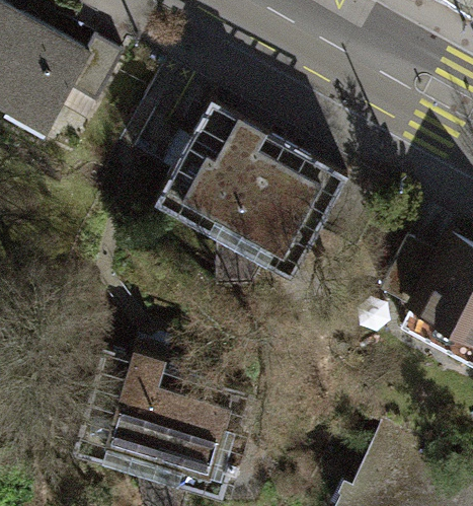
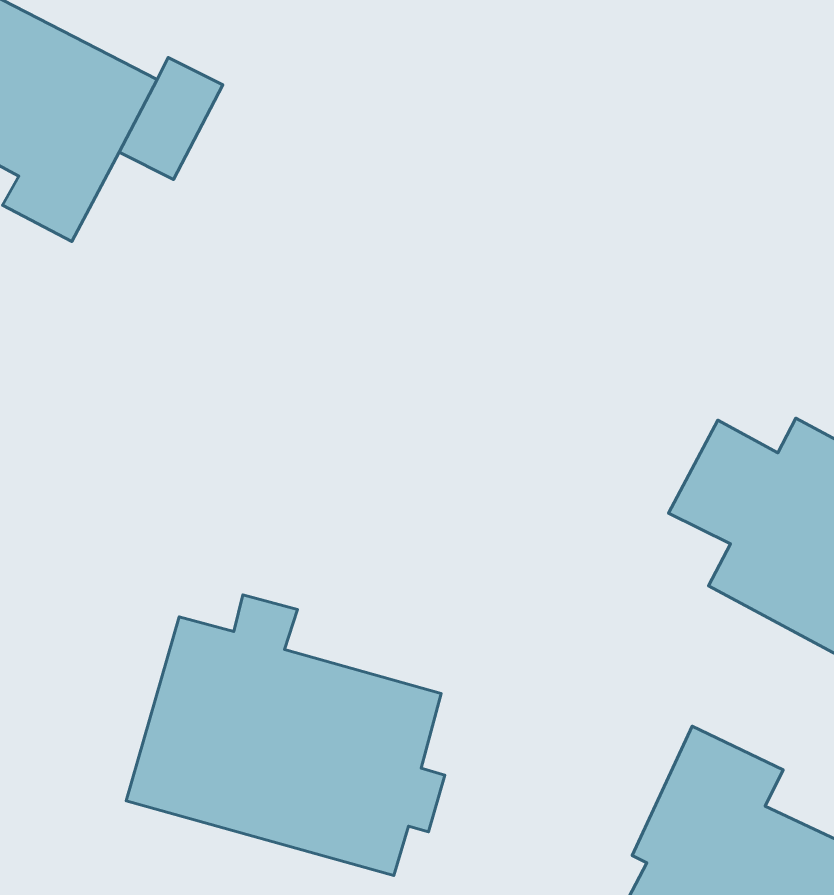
building: [155,103,345,278] -> none

